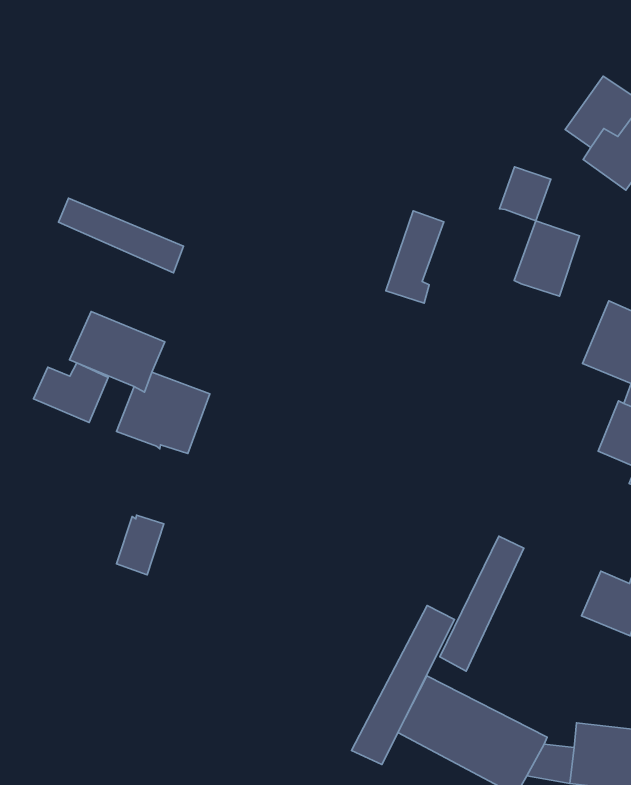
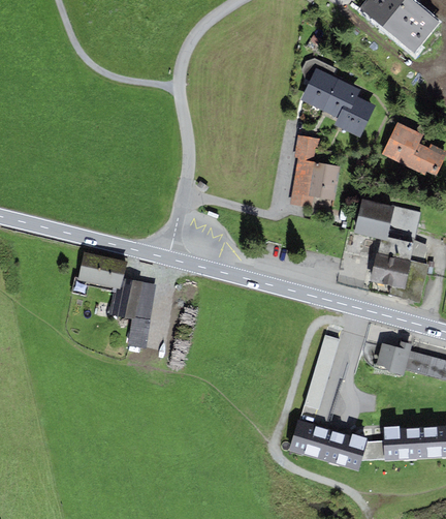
building: none -> [300,68,338,111]
building: [58,198,183,273] -> none
building: [386,211,444,303] -> [290,159,315,208]
building: [33,363,108,422] -> none
building: [116,515,164,575] -> [128,317,150,348]
building: [351,605,455,764] -> none

